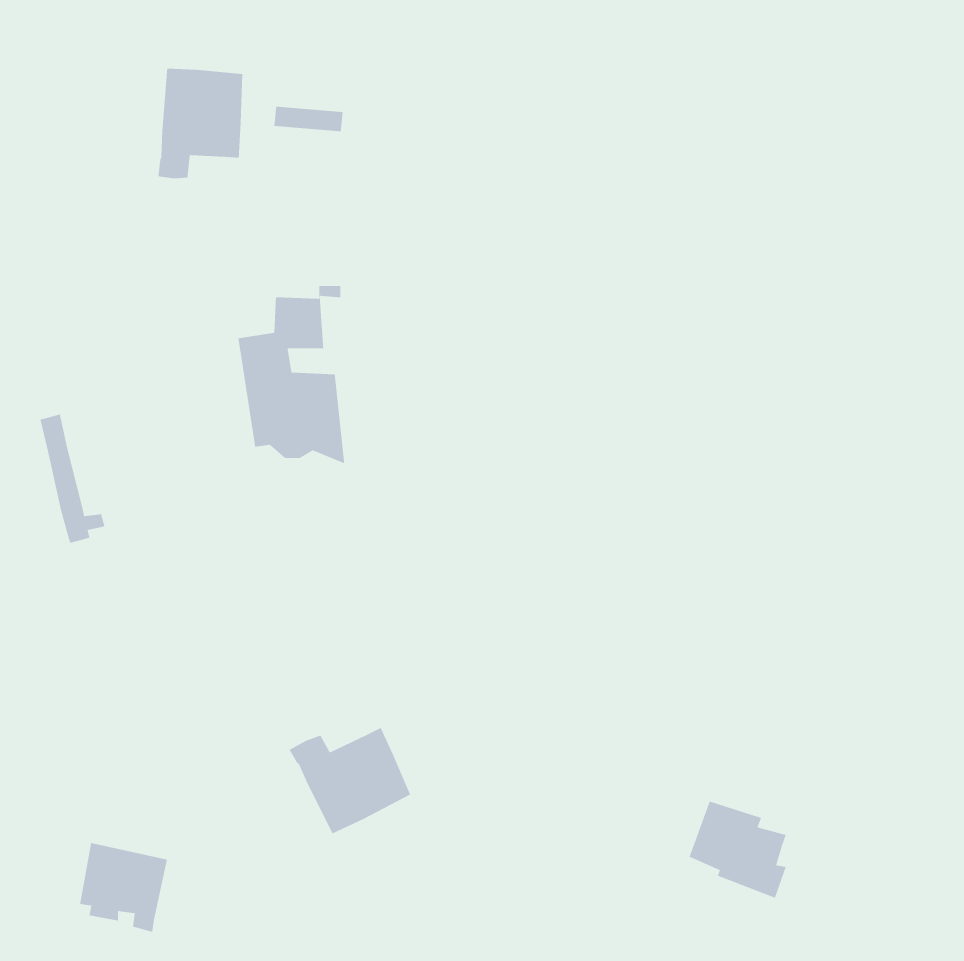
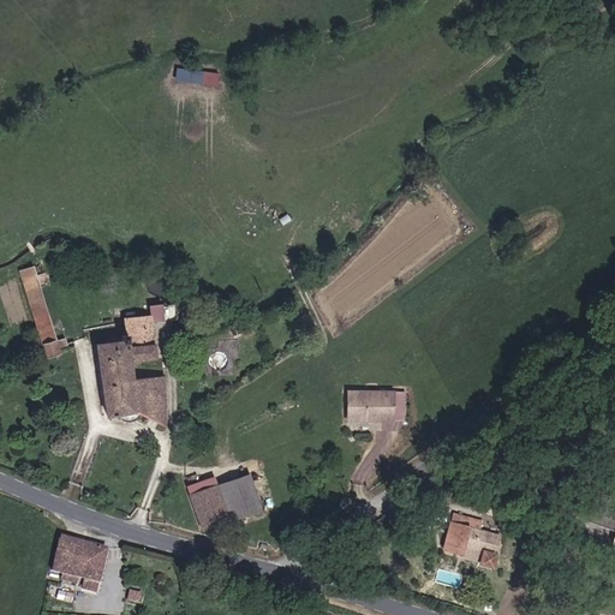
building: [157,68,243,179] -> none
building: [238,285,345,464] -> [100,314,168,428]
building: none -> [347,388,392,416]

